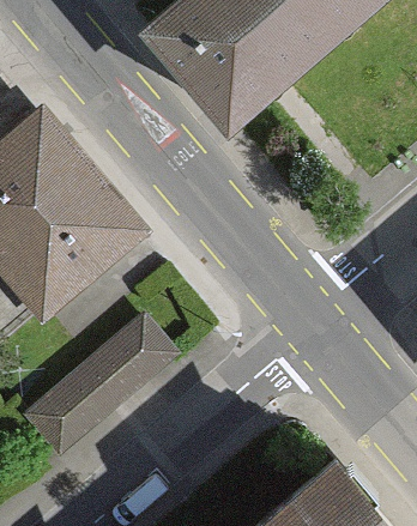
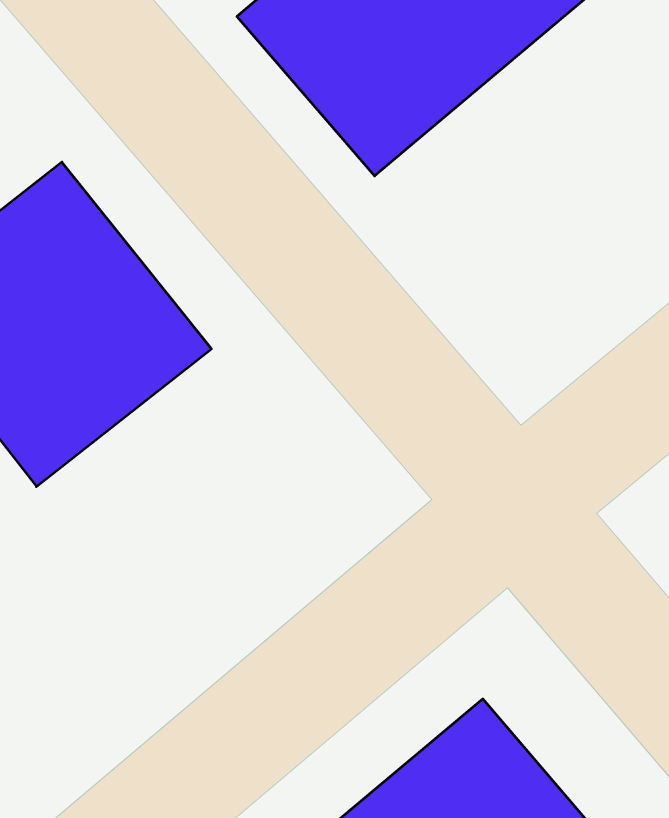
building: [31,315,179,448] -> none

